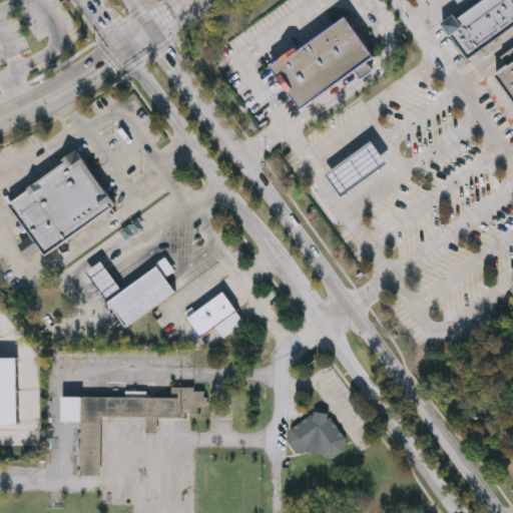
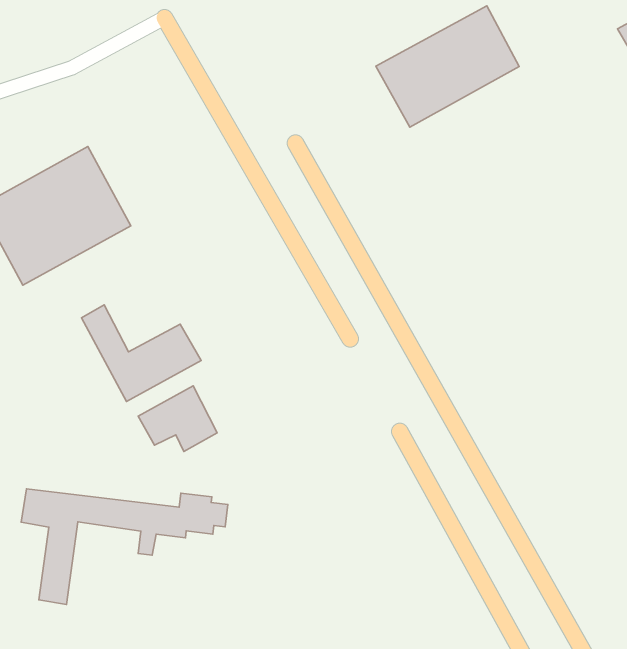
building: [326,141,386,195] -> none
building: [186,291,243,338] -> [138,386,217,451]
building: [289,410,341,456] -> none

